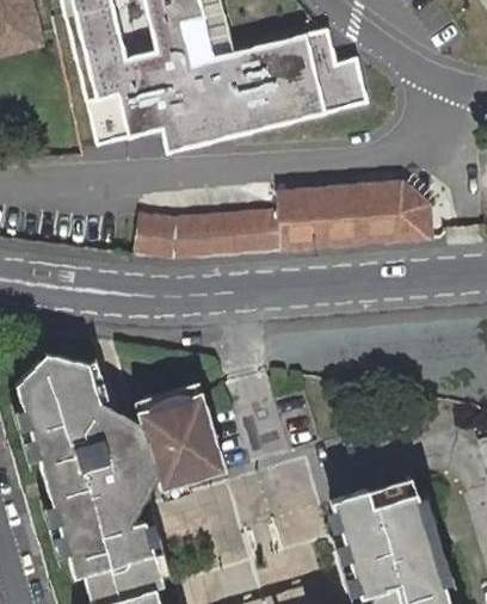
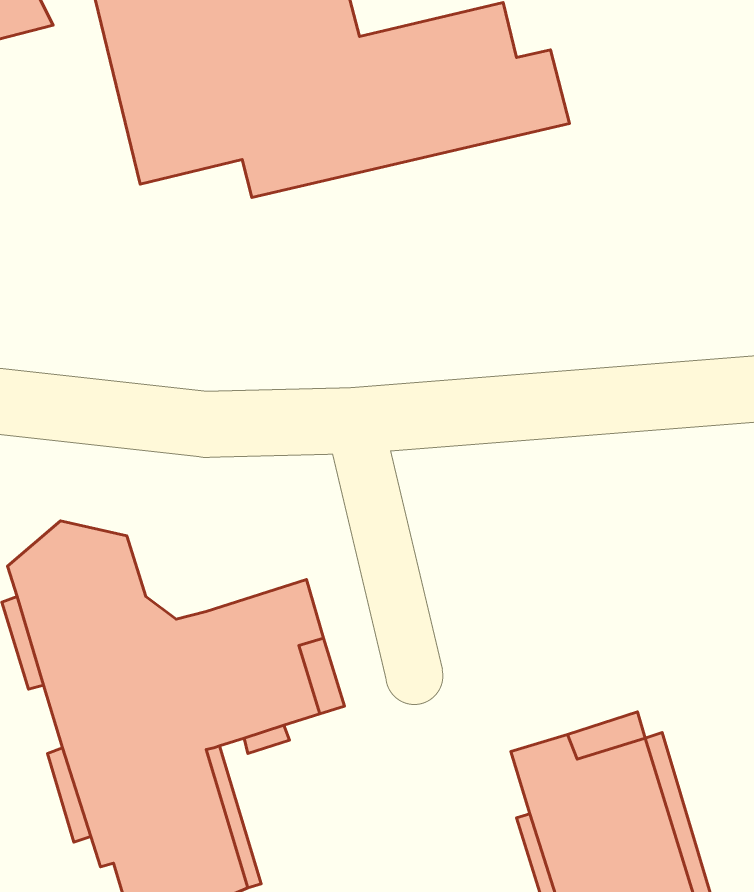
building: [132,181,429,257] -> none

